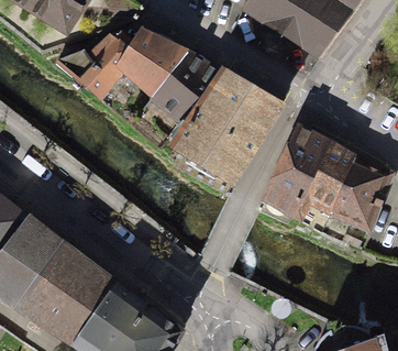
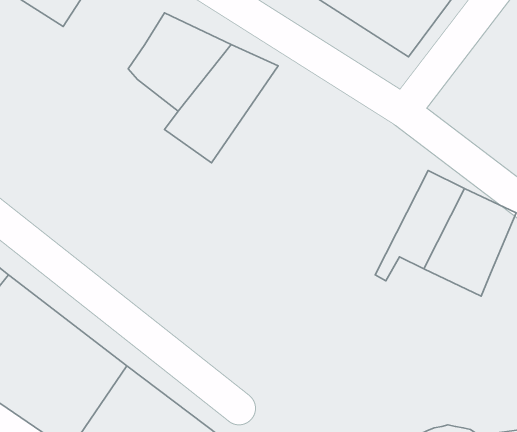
building: [54,34,126,101] -> none
building: [166,65,287,188] -> none
building: [259,122,332,217] -> none

